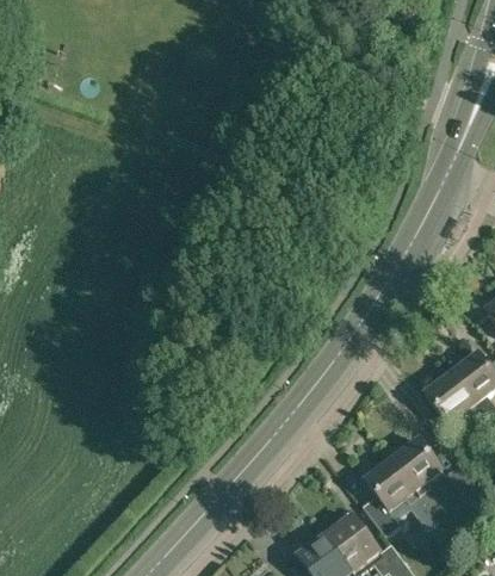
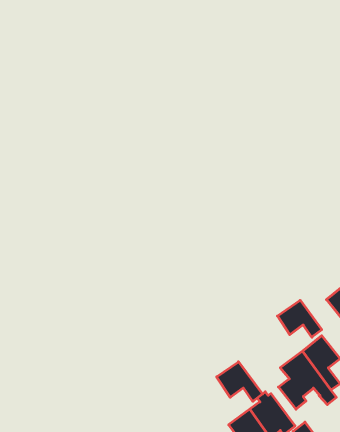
building: none -> [277,300,322,337]
building: none -> [217,362,263,401]

